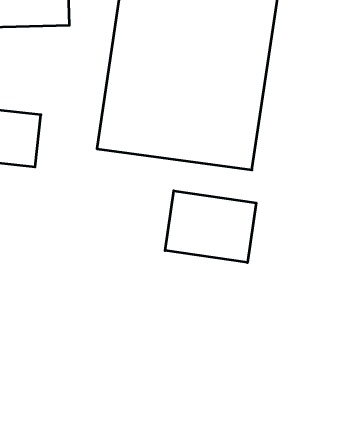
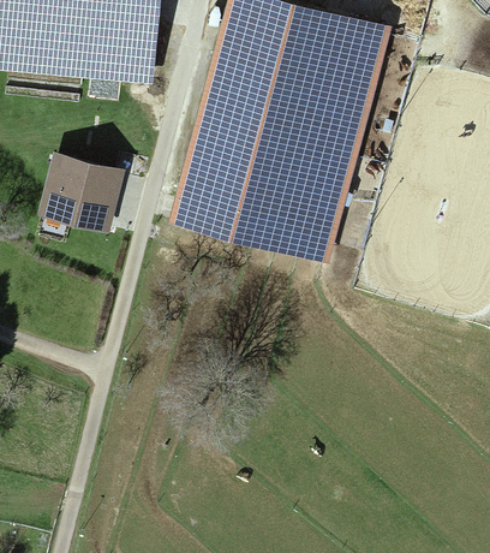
building: [165,191,256,263] -> none

